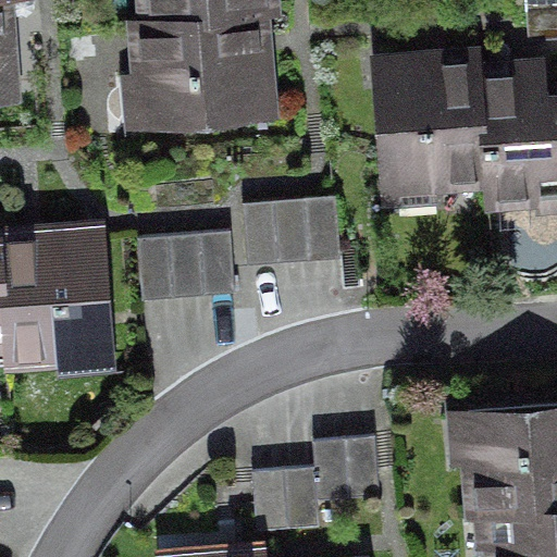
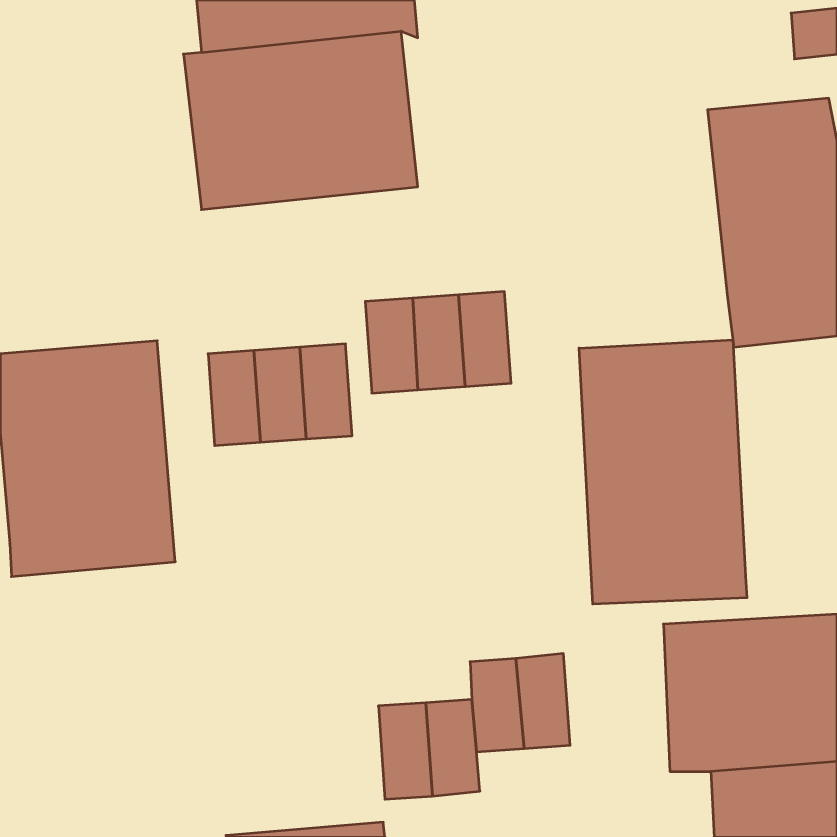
building: [371,55,483,201] -> none
building: none -> [579,340,747,604]

